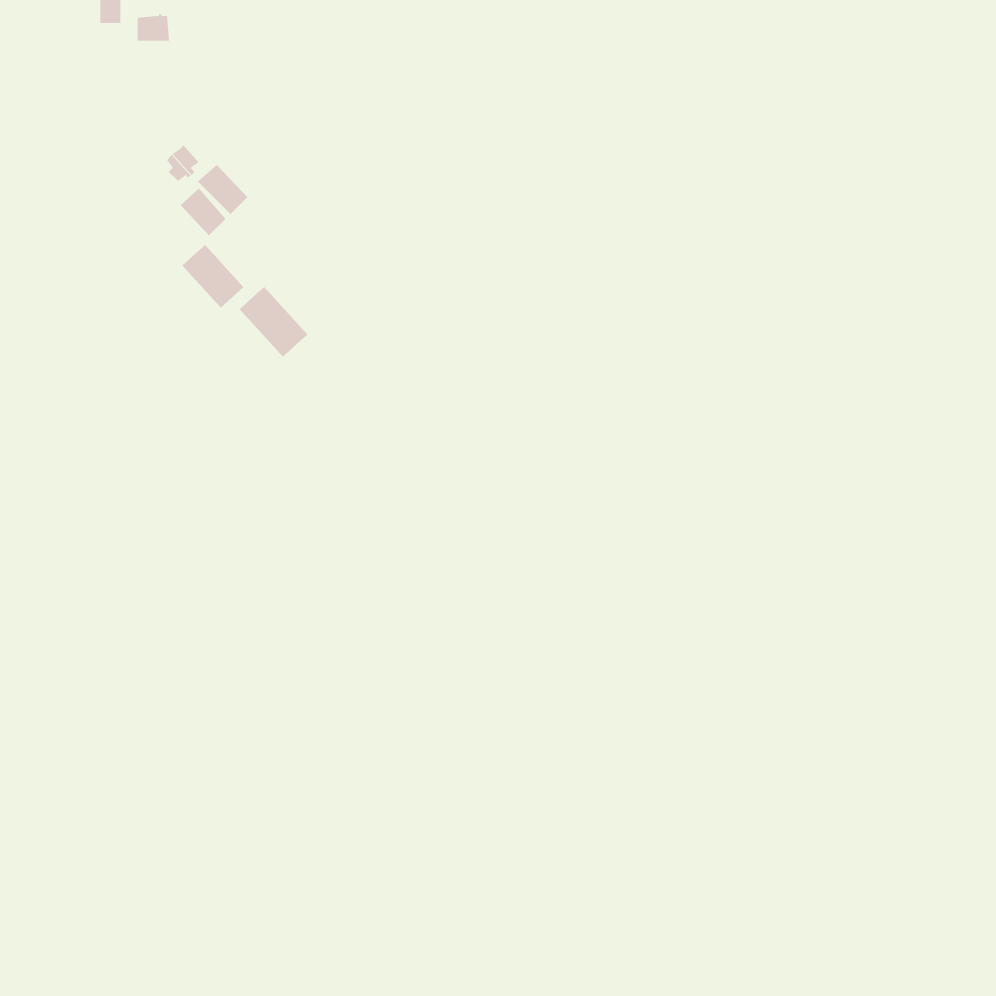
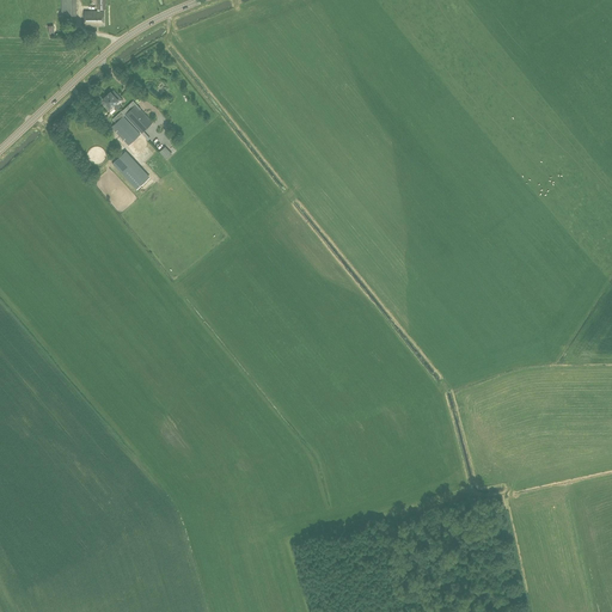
building: [239,286,308,358] -> none

